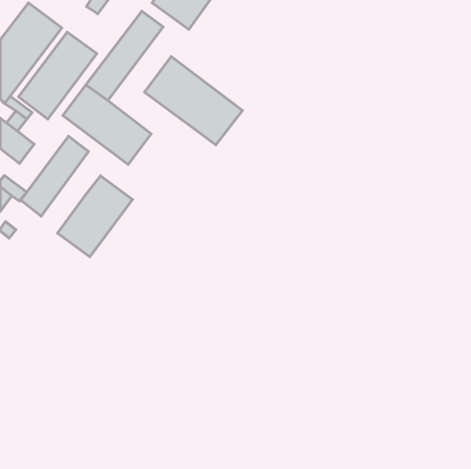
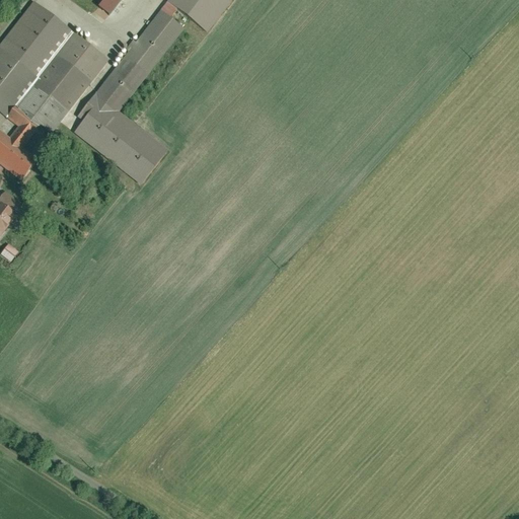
building: [145,57,243,145] -> none
building: [21,136,89,216] -> none
building: [58,176,133,257] -> none

